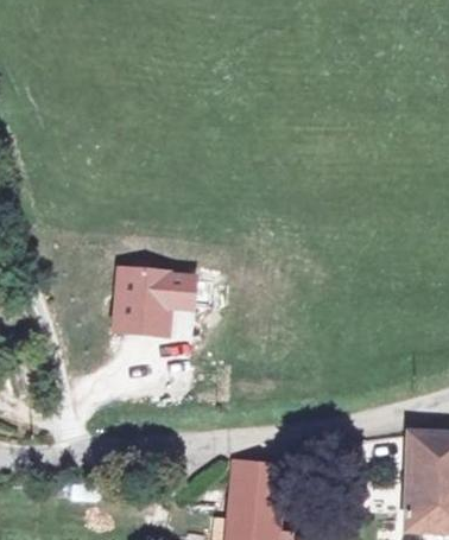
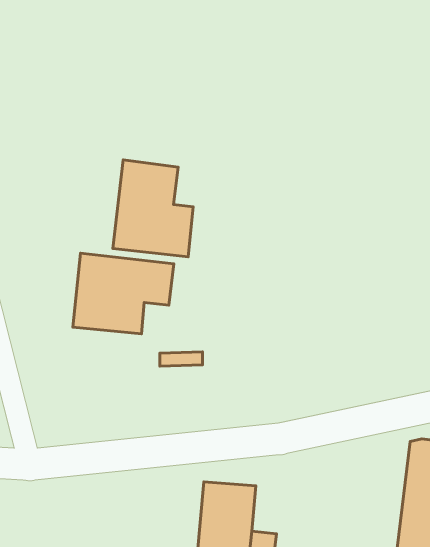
building: none -> [113,160,193,257]

